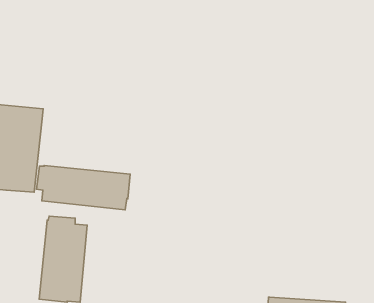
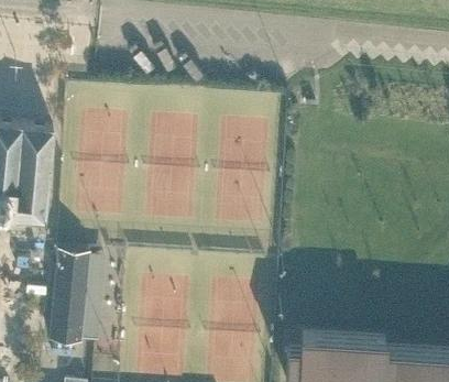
building: [37,165,130,210] -> none

